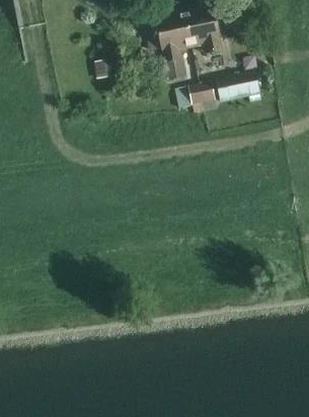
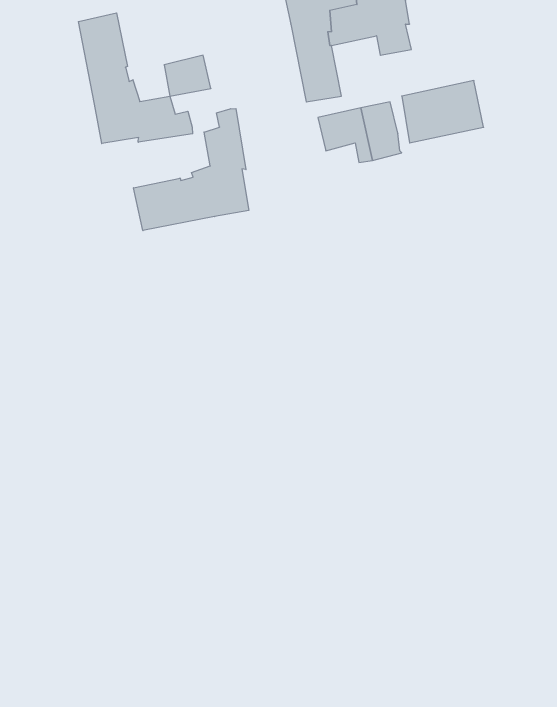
building: none -> [78,13,193,144]
building: none -> [134,109,249,231]

